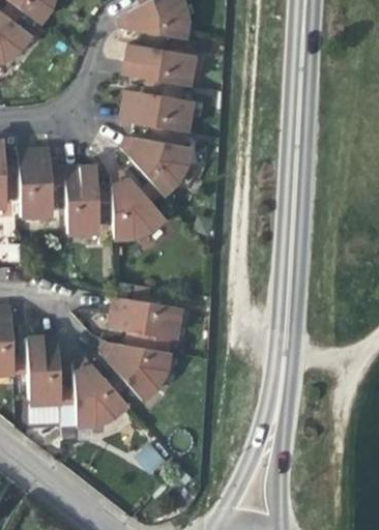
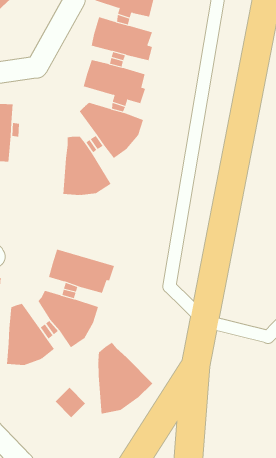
building: [66,167,101,234] -> none
building: none -> [98,342,153,415]

